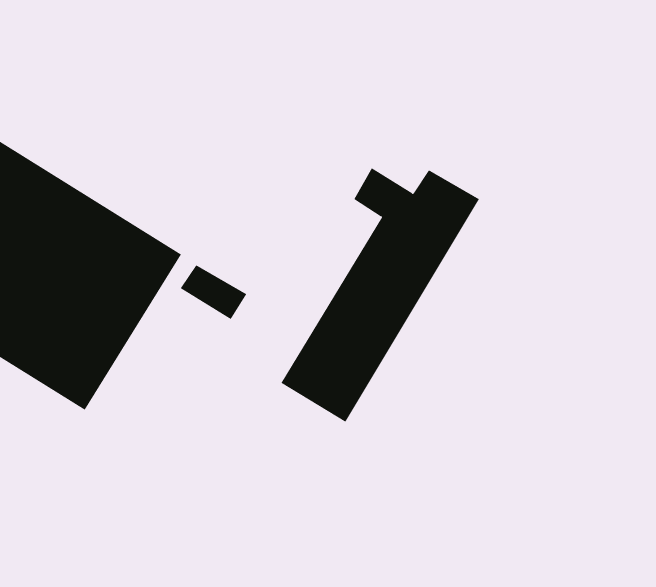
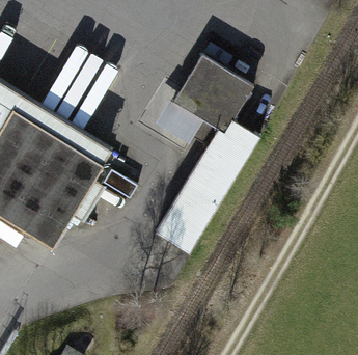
building: none -> [173,55,253,133]

